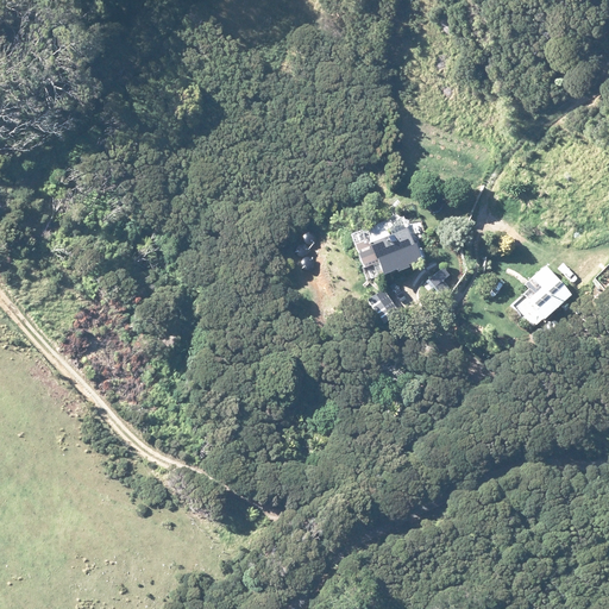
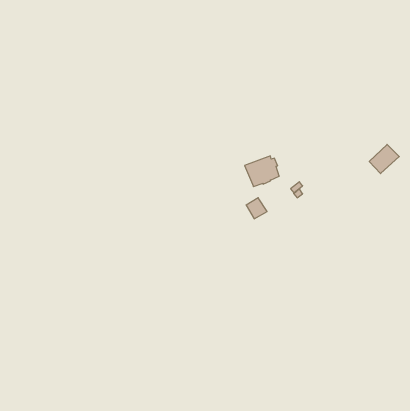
building: [526,275,570,318] -> [369,144,399,174]

